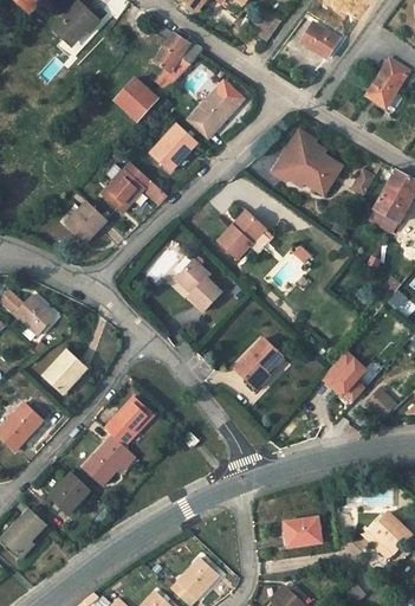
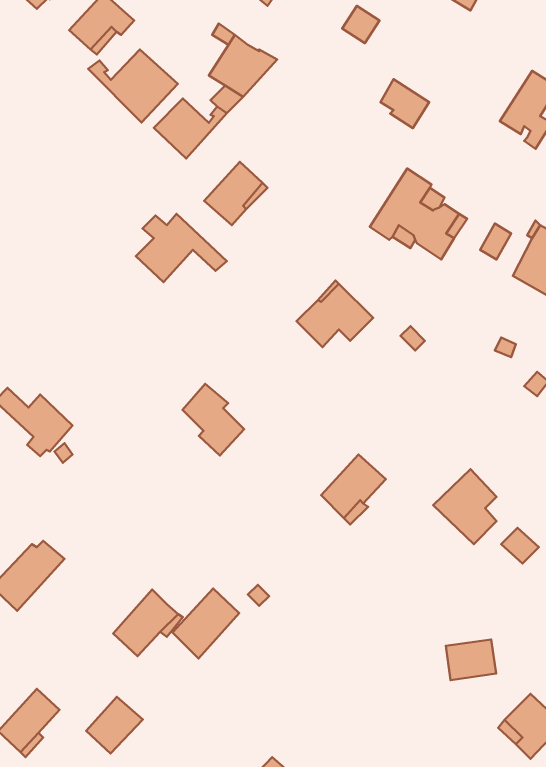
building: [303,21,338,57] -> [380,79,429,128]
building: none -> [88,50,178,122]
building: [189,88,238,137] -> none
building: [65,201,106,241] -> none
building: [176,259,221,311] -> [183,384,244,455]
building: [41,349,87,397] -> none
building: [104,395,153,446] -> [173,589,239,659]
building: [48,472,90,514] -> [86,697,143,754]
building: [284,517,320,547] -> [446,639,496,680]

